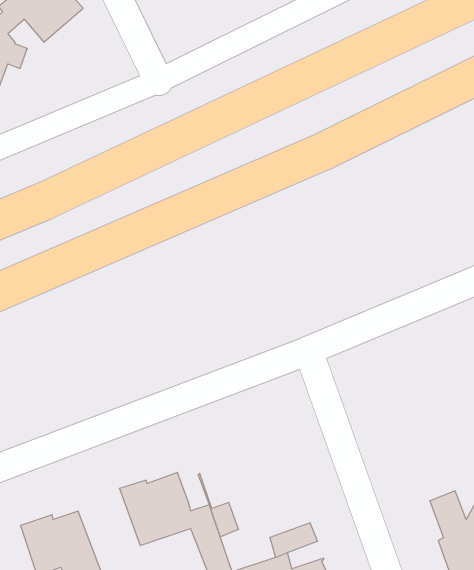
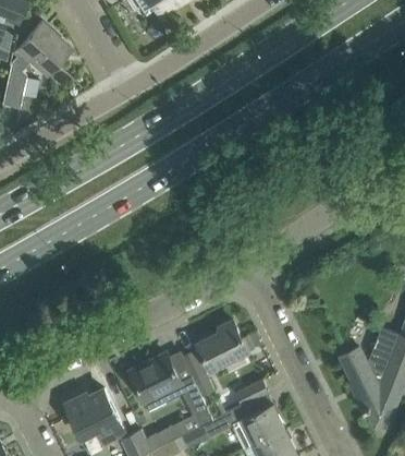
building: none -> [198,321,249,371]

